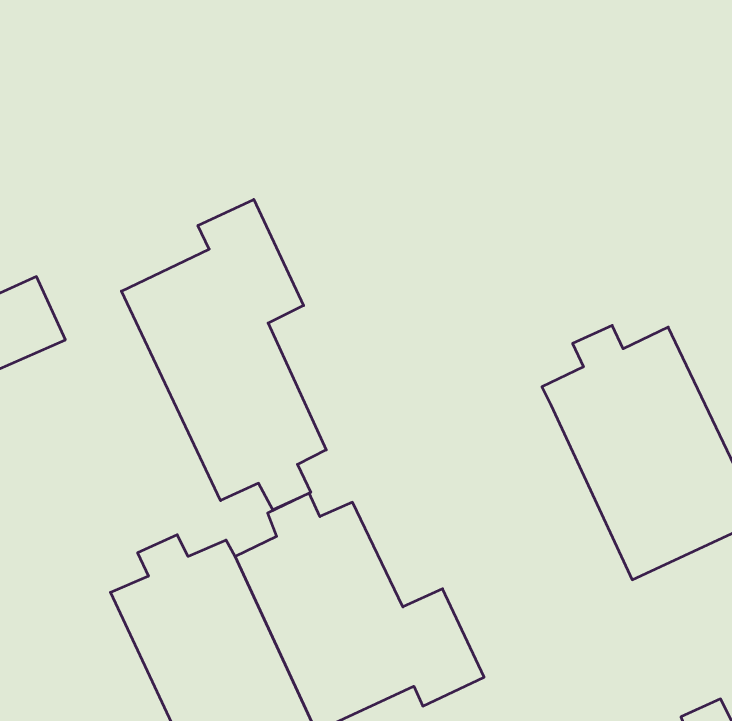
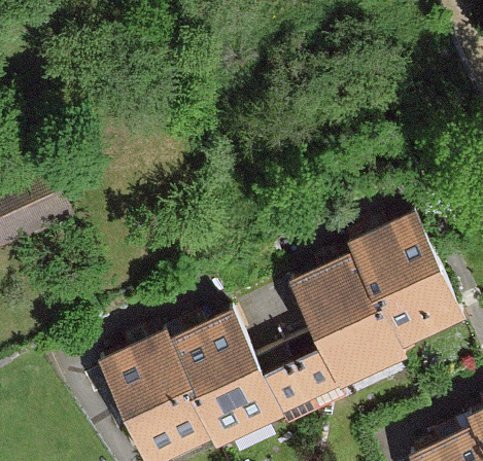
building: [121,199,326,510] -> none
building: none -> [286,253,394,412]

